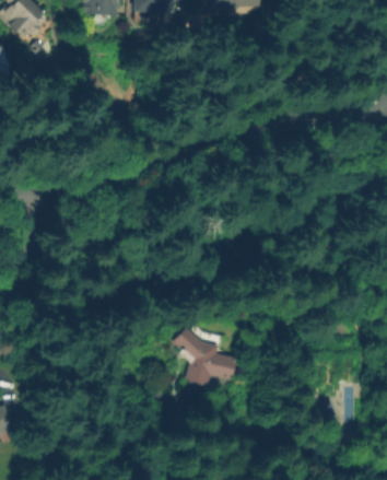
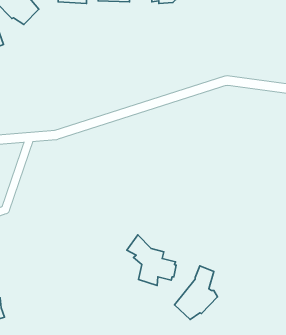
building: none -> [175,266,217,319]

